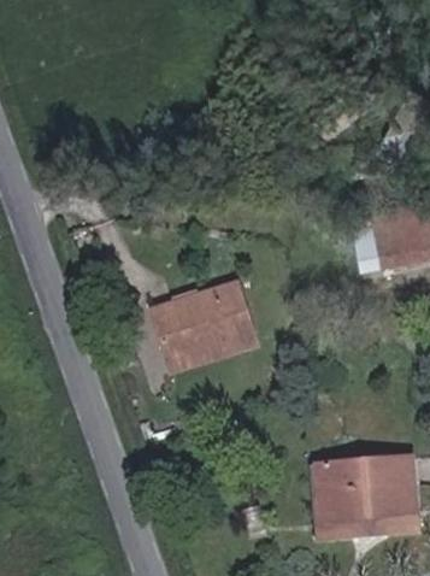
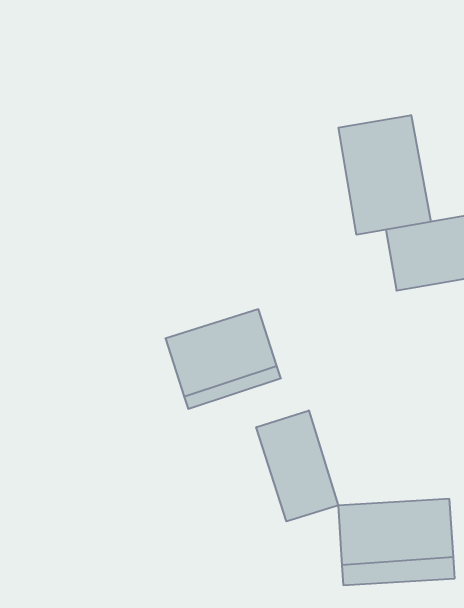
building: none -> [339,115,431,235]
building: none -> [256,410,338,521]

